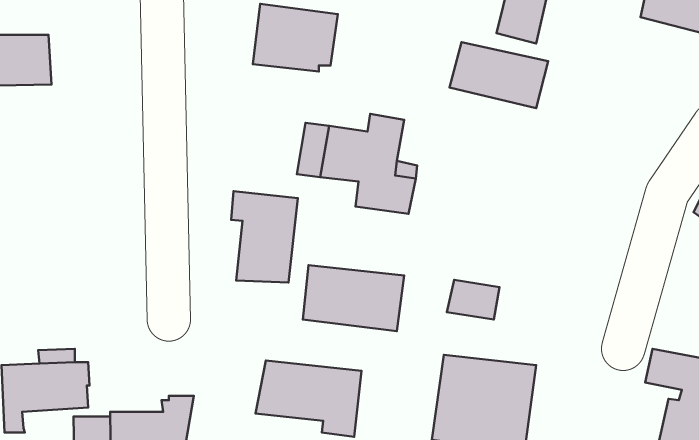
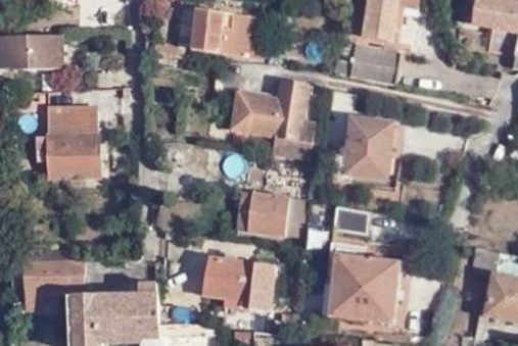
building: none -> [34,108,95,176]
building: none -> [332,114,393,179]
building: [231,191,298,282] -> none

